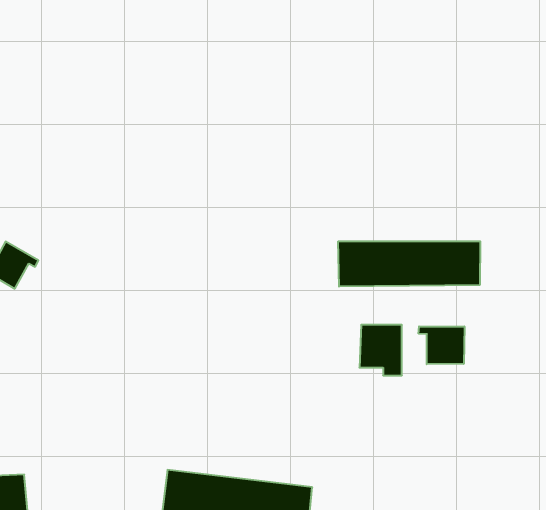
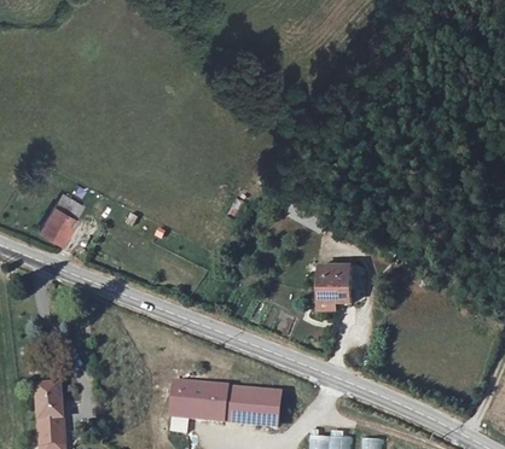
building: [338,241,480,287] -> none
building: [419,326,464,364] -> none

